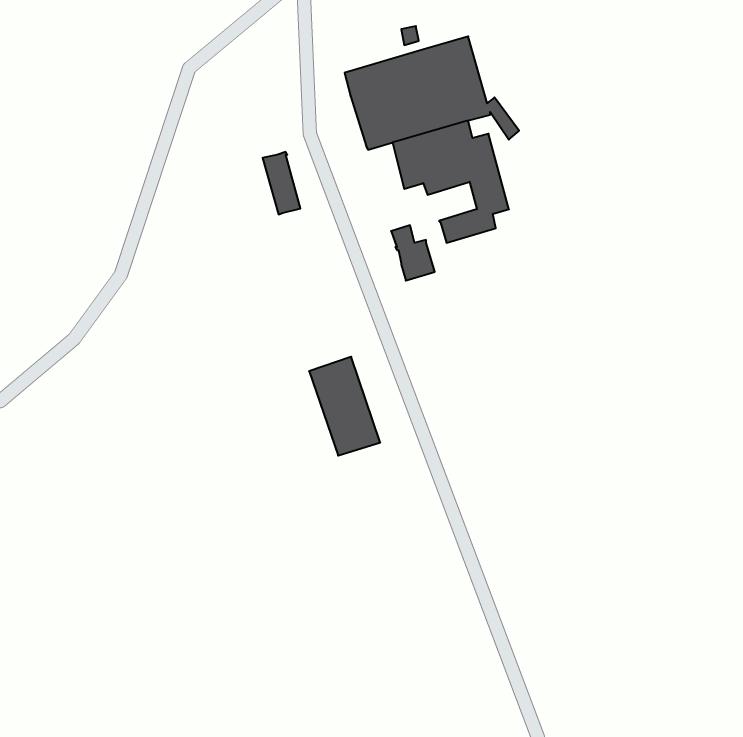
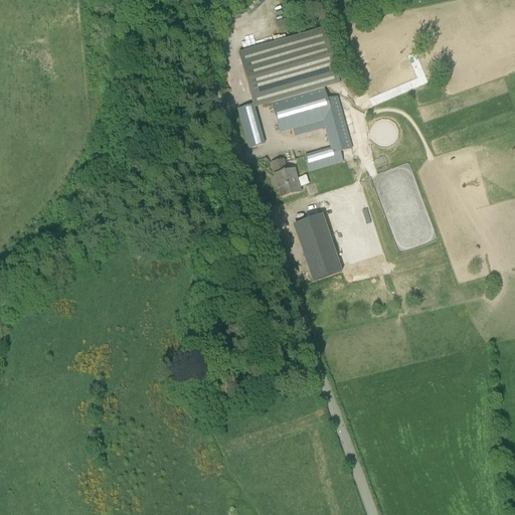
building: [263,152,300,214] -> [237,102,264,145]
building: [309,357,380,456] -> [293,213,342,282]

